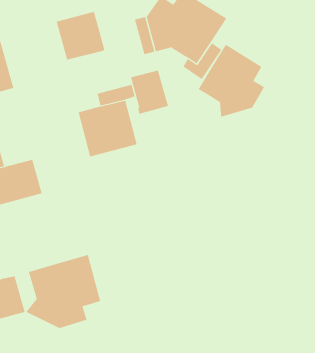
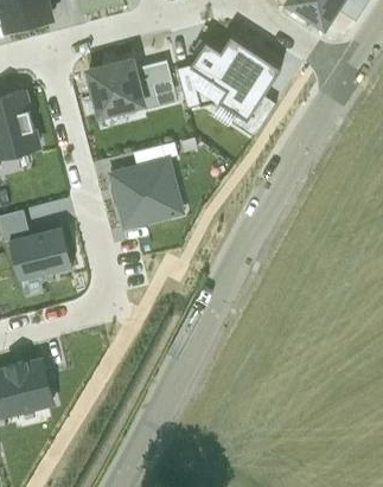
building: [198,44,265,117] -> none
building: [130,70,169,115] -> [133,60,177,111]
building: [26,254,101,329] -> none

